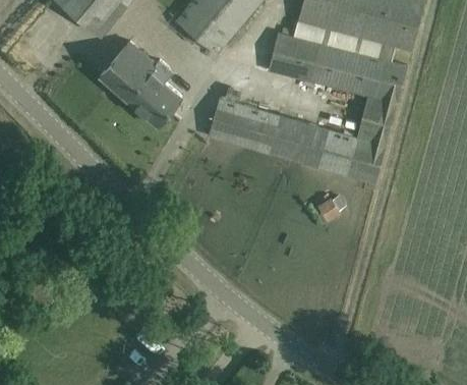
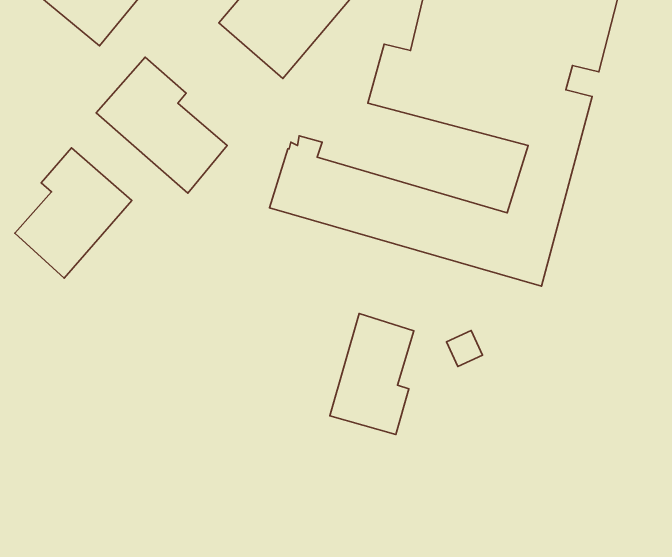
building: none -> [15,148,132,278]
building: none -> [330,313,414,435]

